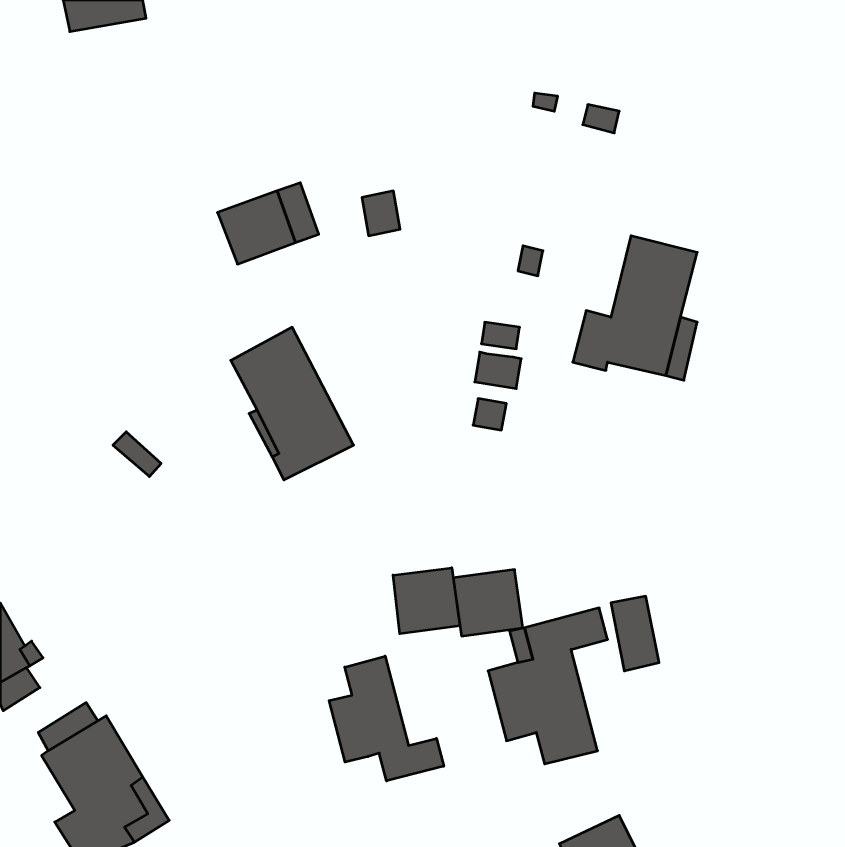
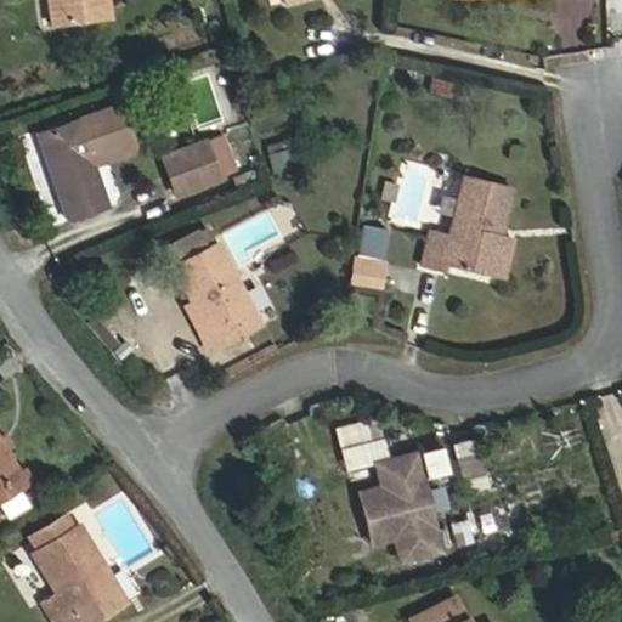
building: none -> [38,106,136,222]
building: [393,568,460,634] -> none
building: [329,656,444,781] -> none

